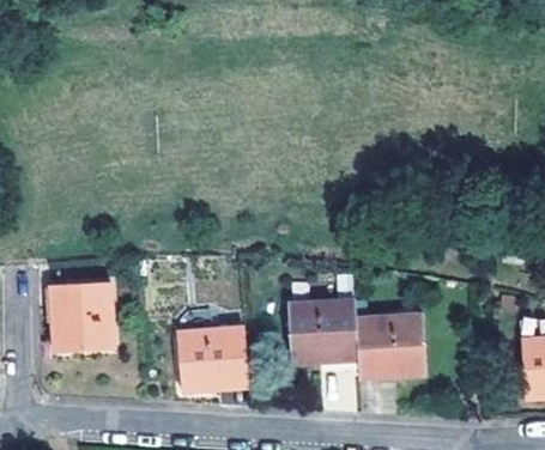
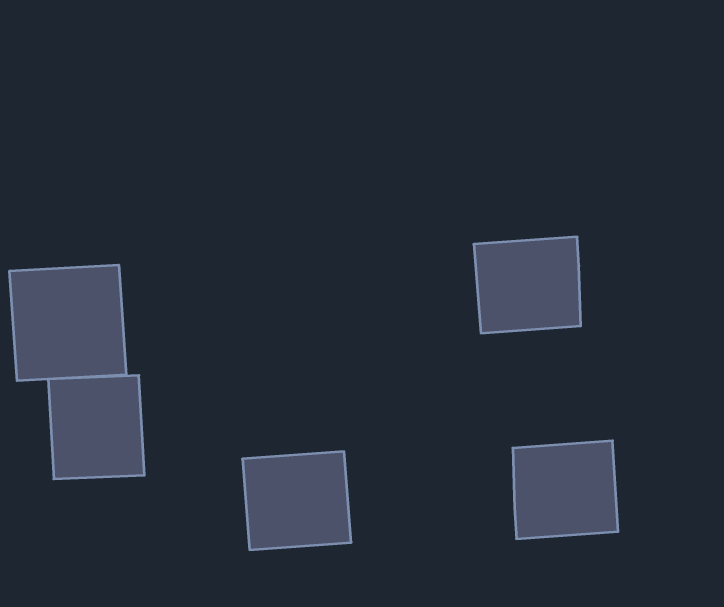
building: none -> [10,265,126,381]
building: [285,303,356,366] -> [474,237,581,333]

